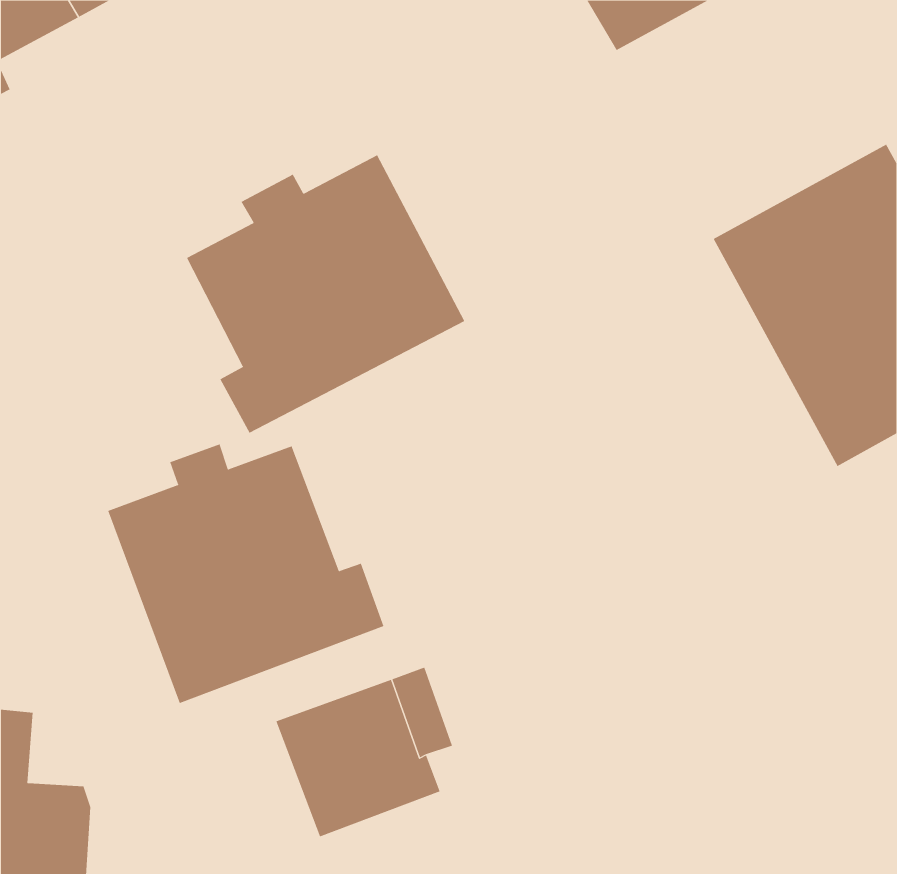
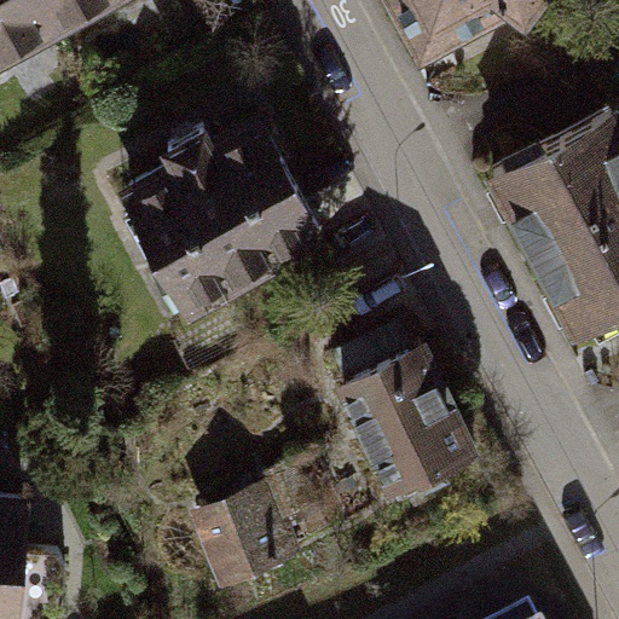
building: [108,444,384,704] -> none
building: none -> [340,324,467,491]

